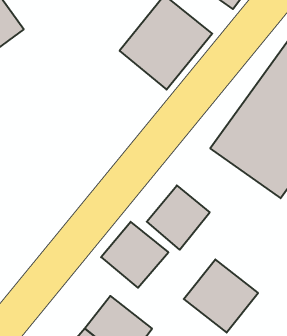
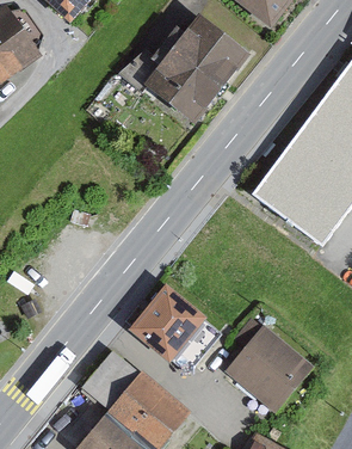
building: [147,185,210,250] -> none
building: none -> [79,350,136,407]

